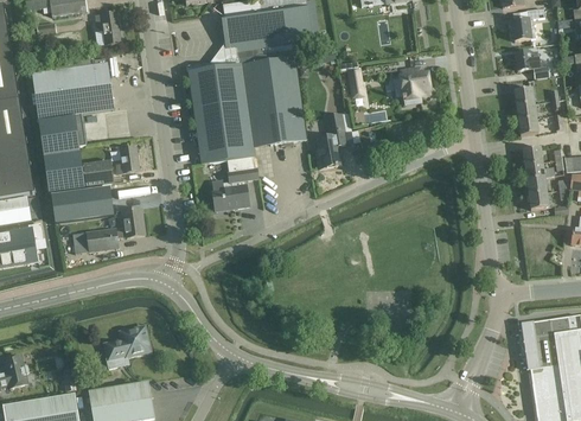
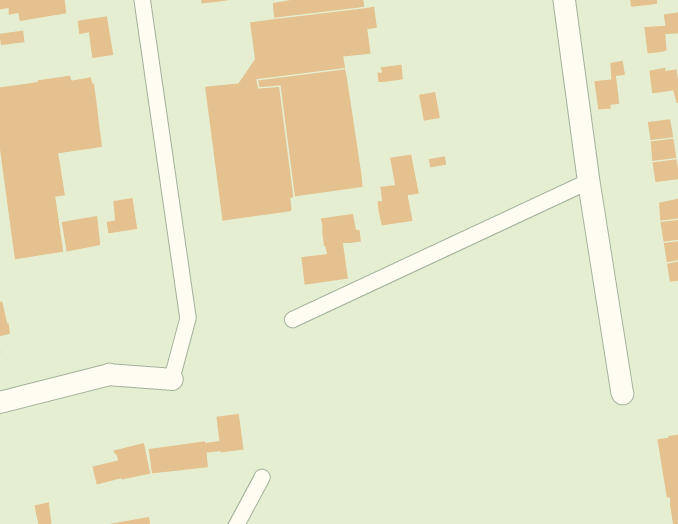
building: none -> [594,60,626,110]
building: [394,69,429,103] -> none
building: [212,157,257,210] -> [301,213,362,286]
building: [50,187,108,217] -> none
building: [72,208,143,253] -> [148,413,244,474]

